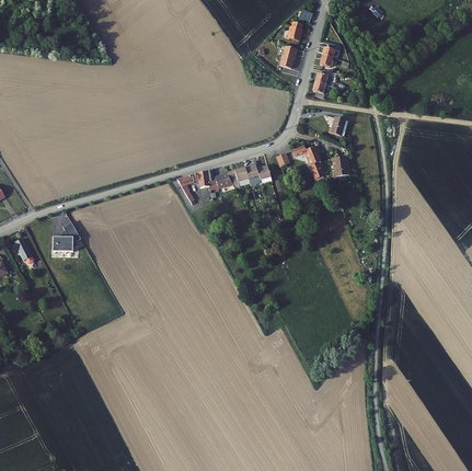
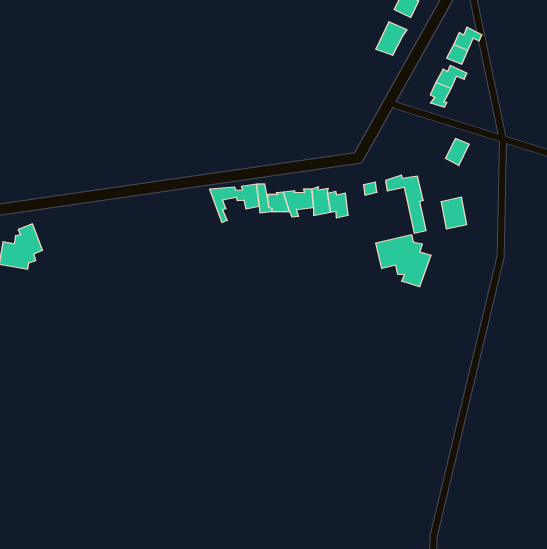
building: none -> [376,235,431,287]

